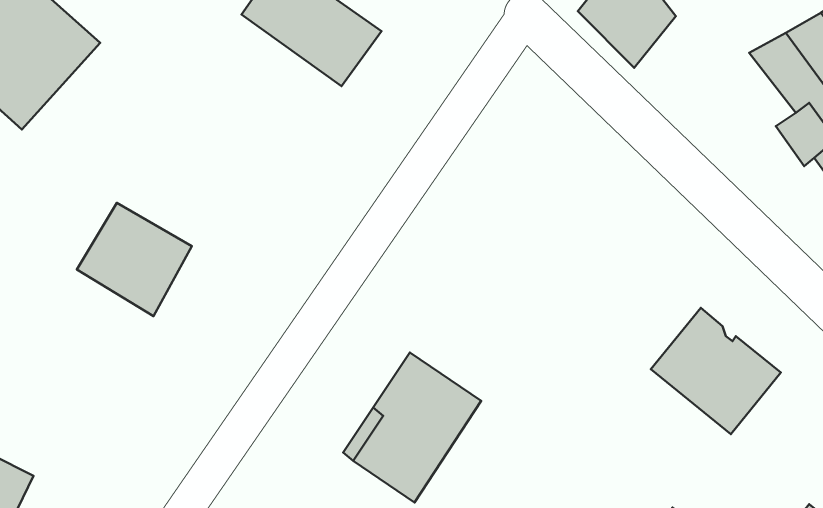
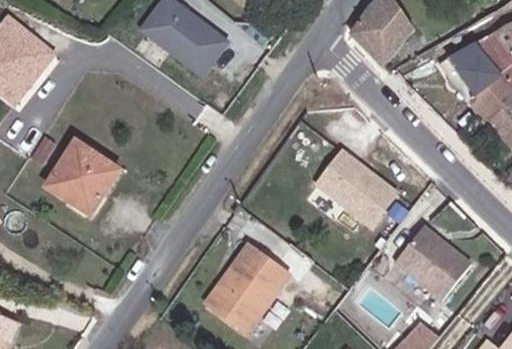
building: none -> [320,143,400,218]

